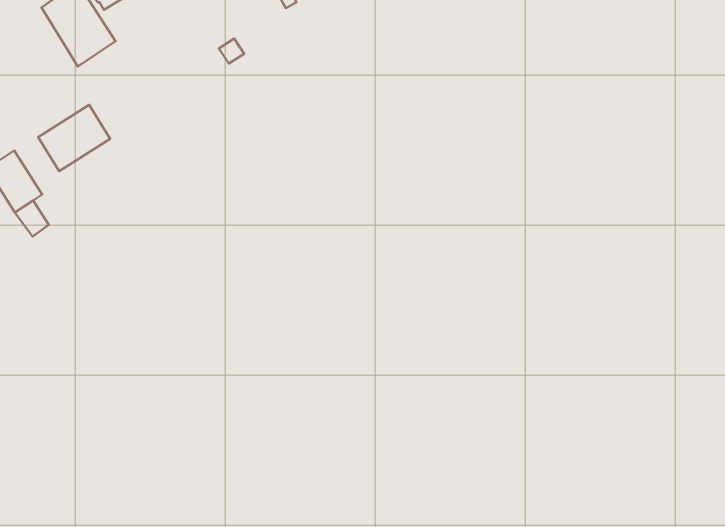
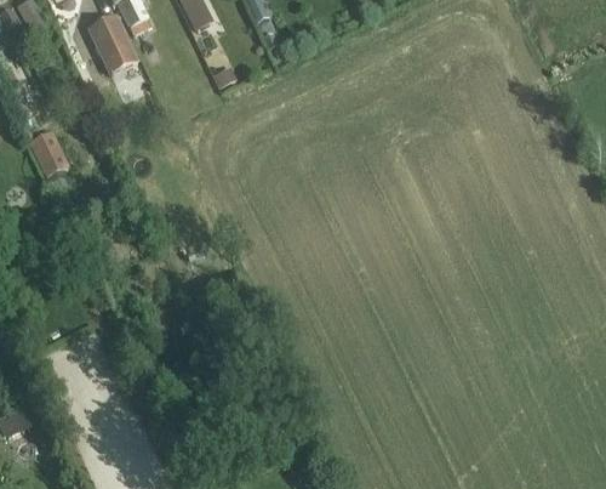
building: [38,105,110,171] -> none

